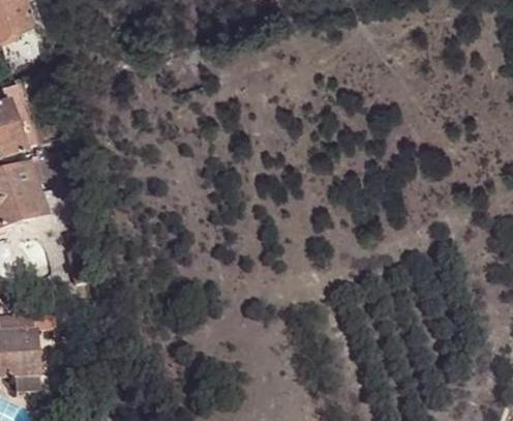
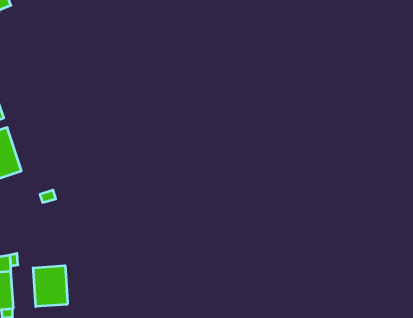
building: none -> [33,266,68,307]

